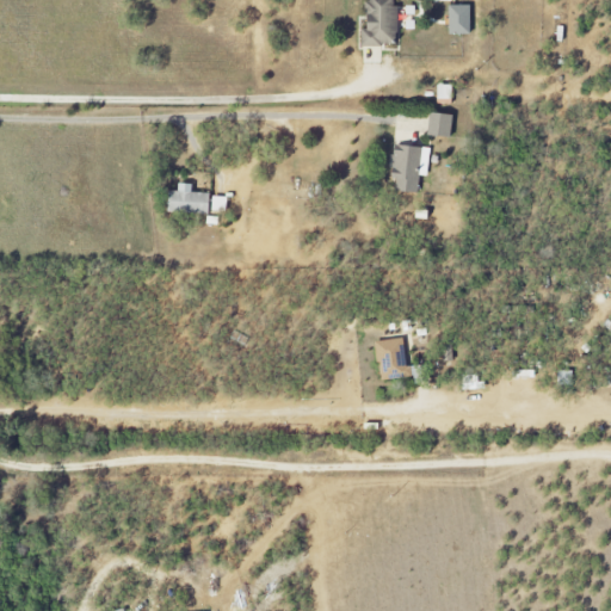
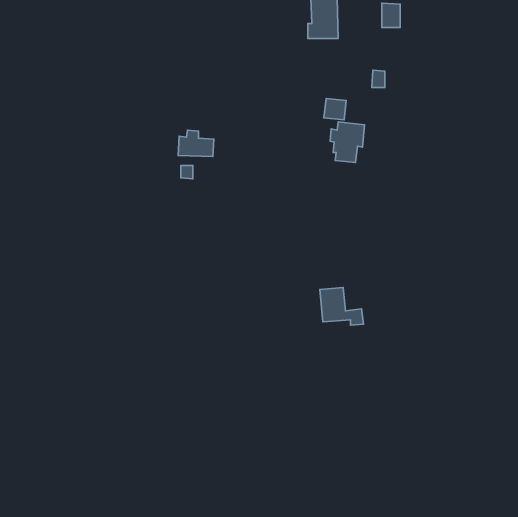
building: [427,111,453,136] -> [324,98,346,120]
building: [168,181,210,212] -> [178,130,214,156]

